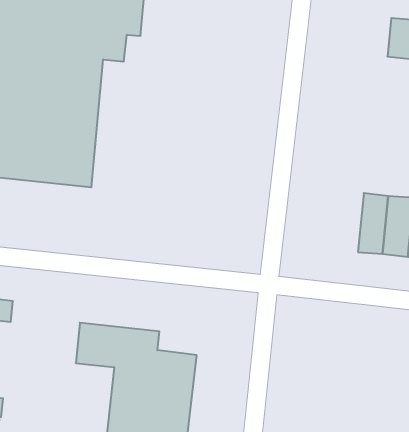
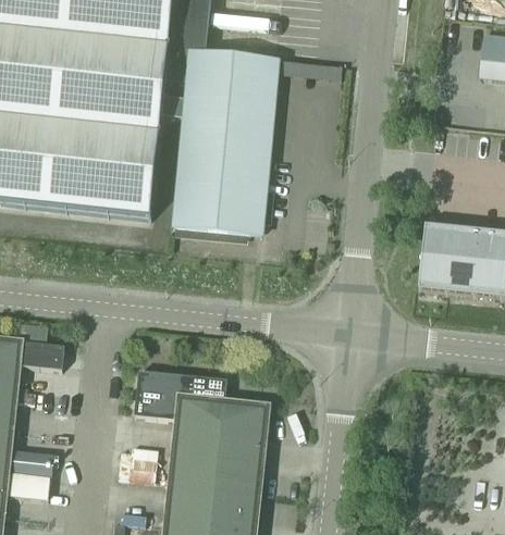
building: none -> [174,51,278,234]
building: none -> [418,223,453,291]

